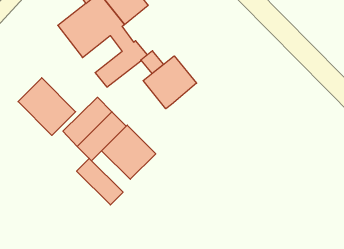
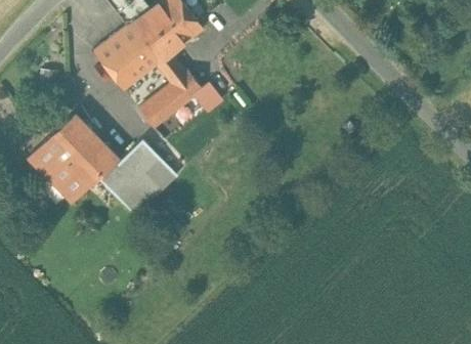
building: [143,56,197,109] -> none
building: [102,125,156,179] -> none
building: [77,158,123,205] -> [30,144,86,201]

